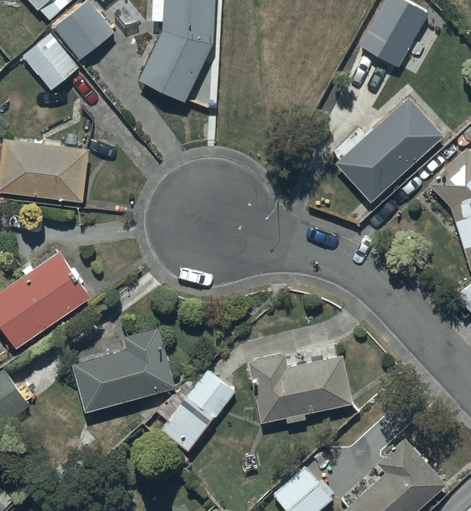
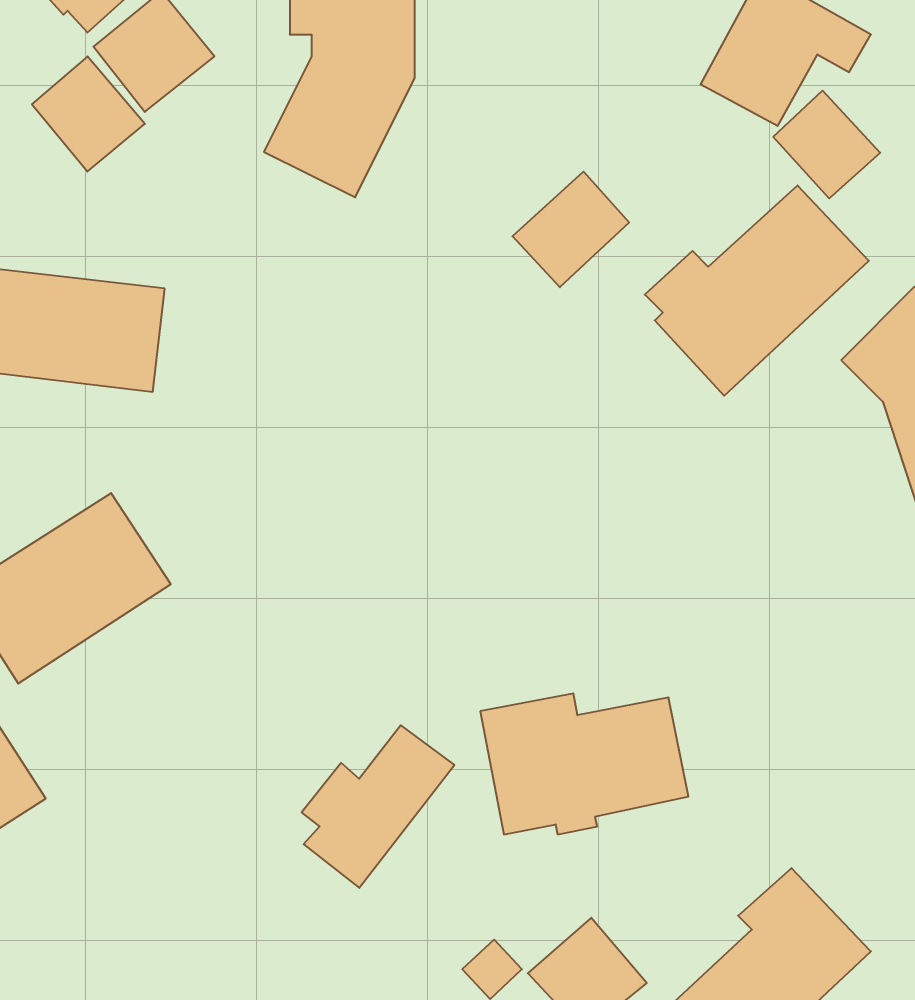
building: none -> [773,91,880,198]
building: none -> [512,172,629,287]
building: [73,328,174,411] -> none

